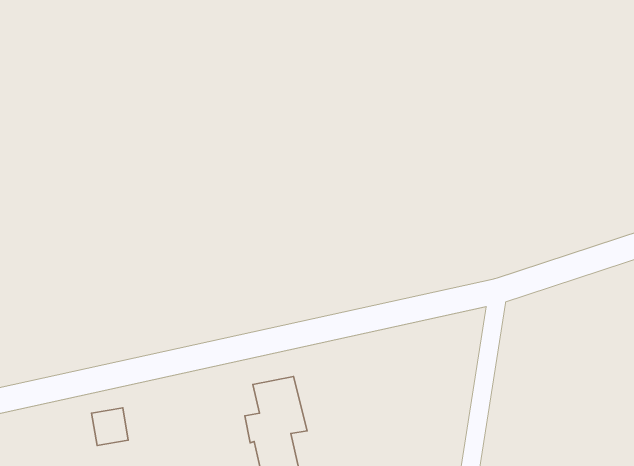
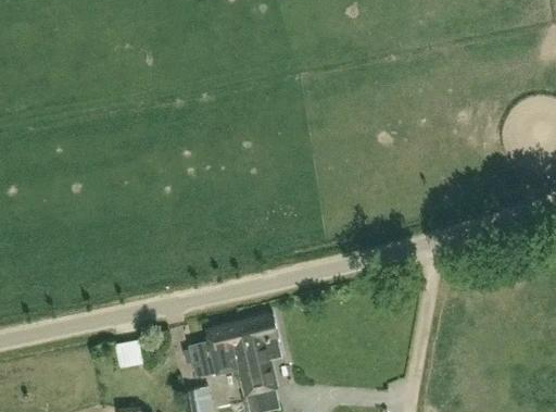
building: none -> [189,322,244,377]

